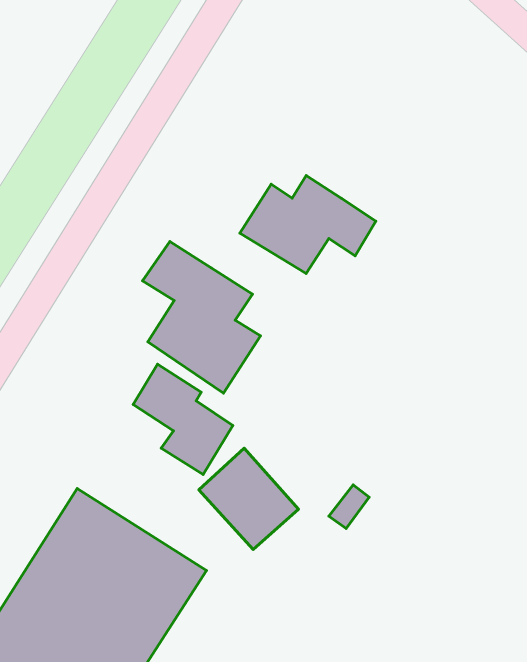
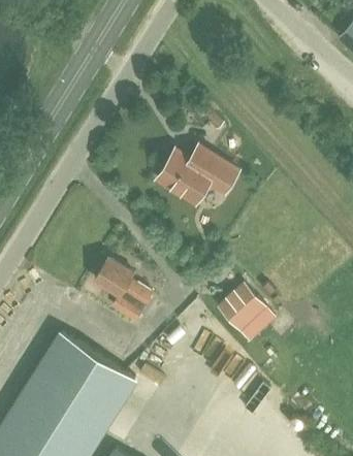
building: [143,242,260,393] -> none
building: [199,448,298,549] -> [217,283,276,343]

